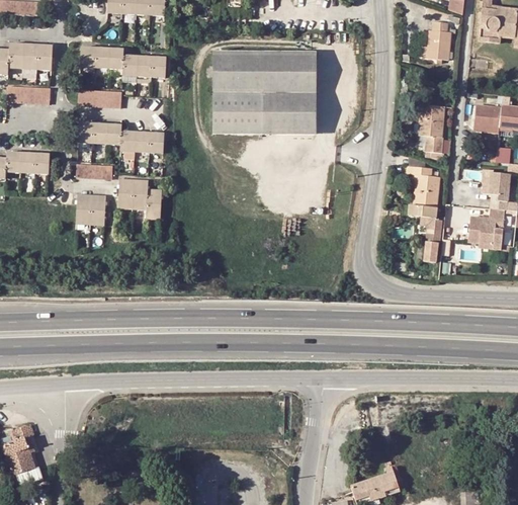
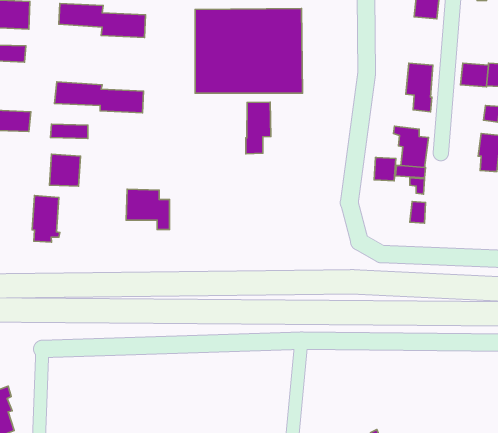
building: [77,89,119,106] -> none
building: none -> [246,102,271,154]
building: [117,179,160,219] -> [126,189,170,229]
building: none -> [374,157,396,181]
building: [468,209,505,245] -> none
building: none -> [32,195,60,242]

